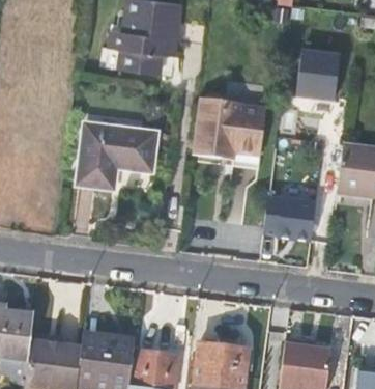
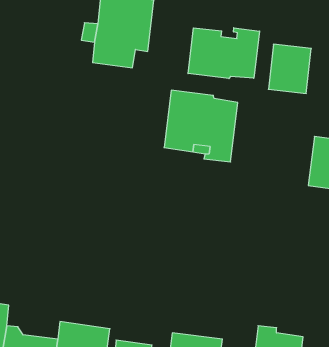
building: none -> [188,28,260,79]
building: [78,126,157,191] -> none
building: [263,195,316,241] -> none

